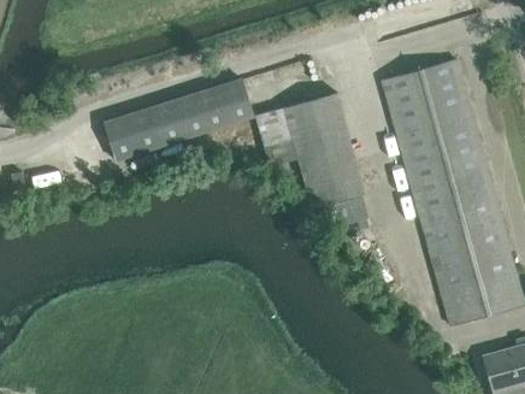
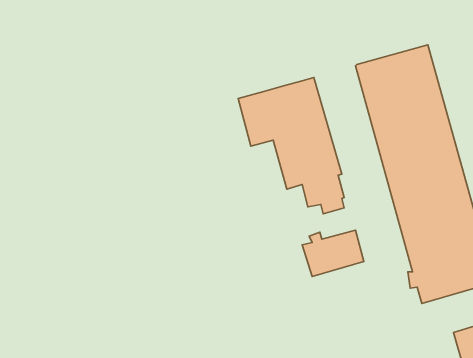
building: [106,77,255,160] -> none
building: none -> [302,230,364,276]

